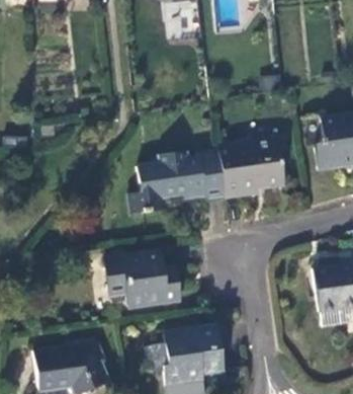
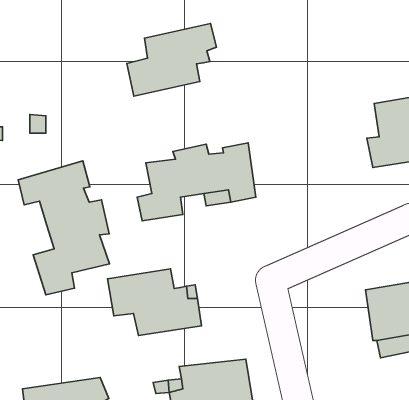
building: none -> [127,23,217,96]
building: [219,137,284,194] -> none
building: none -> [18,161,110,295]

